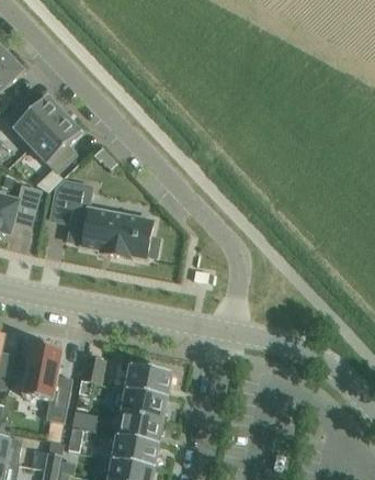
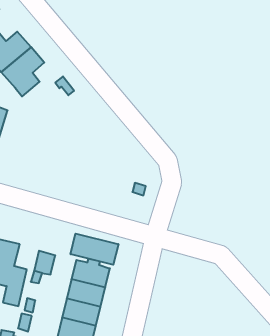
building: [50,181,158,258] -> none
building: none -> [71,234,118,265]

